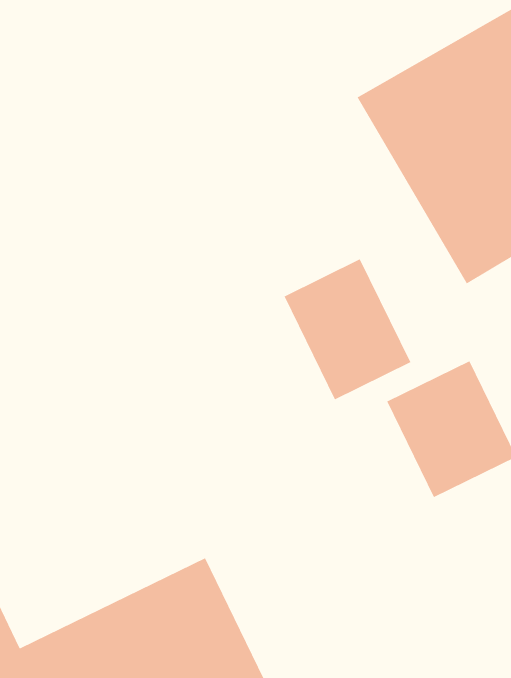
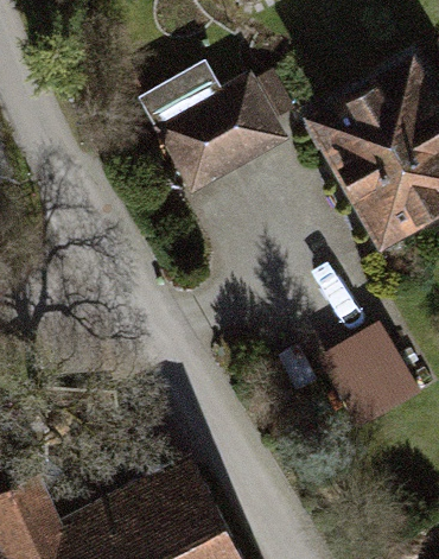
building: none -> [145,75,292,207]
building: [283,258,411,401] -> none

